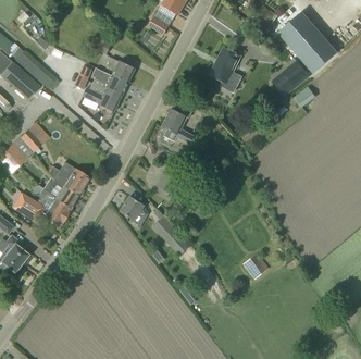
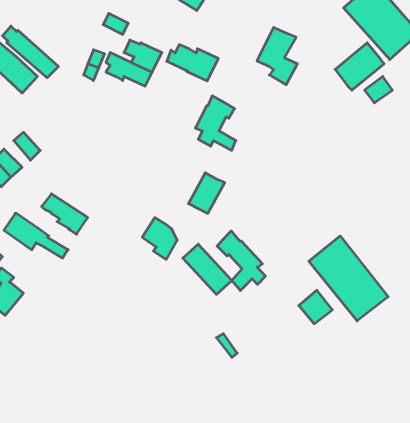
building: [83,83,123,111] -> [167,45,218,81]
building: [48,162,89,196] -> none
building: [30,185,70,221] -> none
building: none -> [217,231,265,291]
building: none -> [309,236,388,321]

